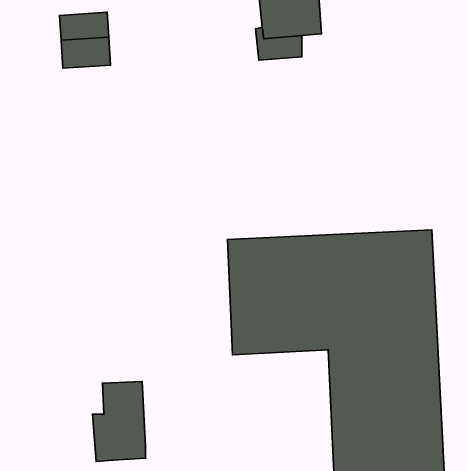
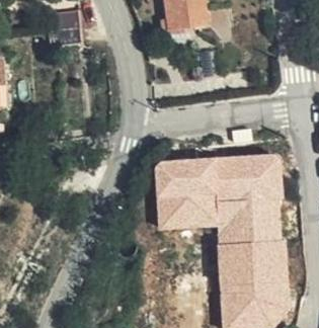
building: [93,381,146,461] -> none

